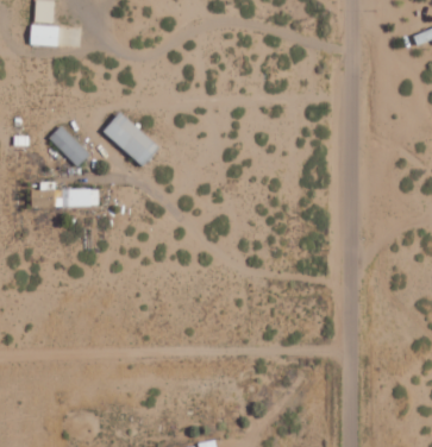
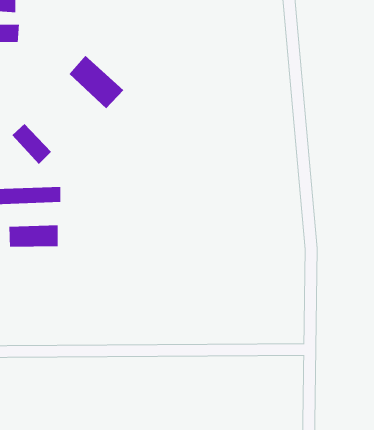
building: [104,111,159,165] -> [68,55,124,109]
building: none -> [8,224,59,248]

